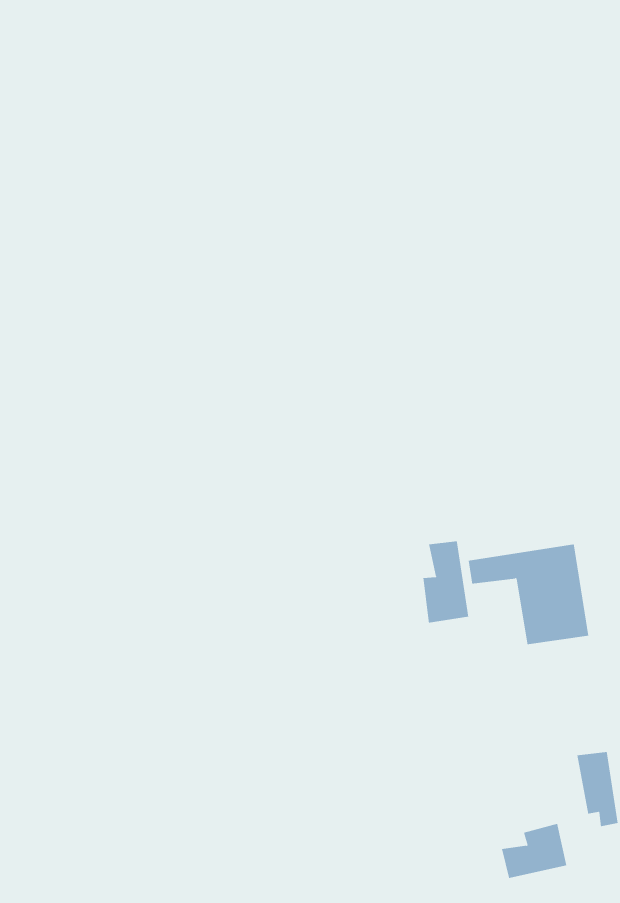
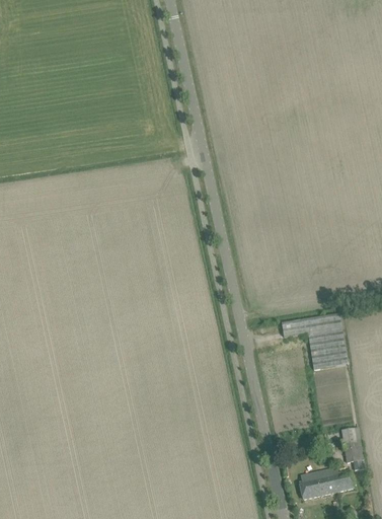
building: [423,541,469,623] -> none
building: none -> [330,466,354,491]

